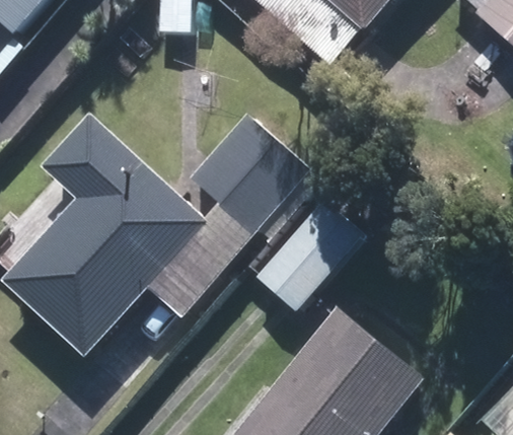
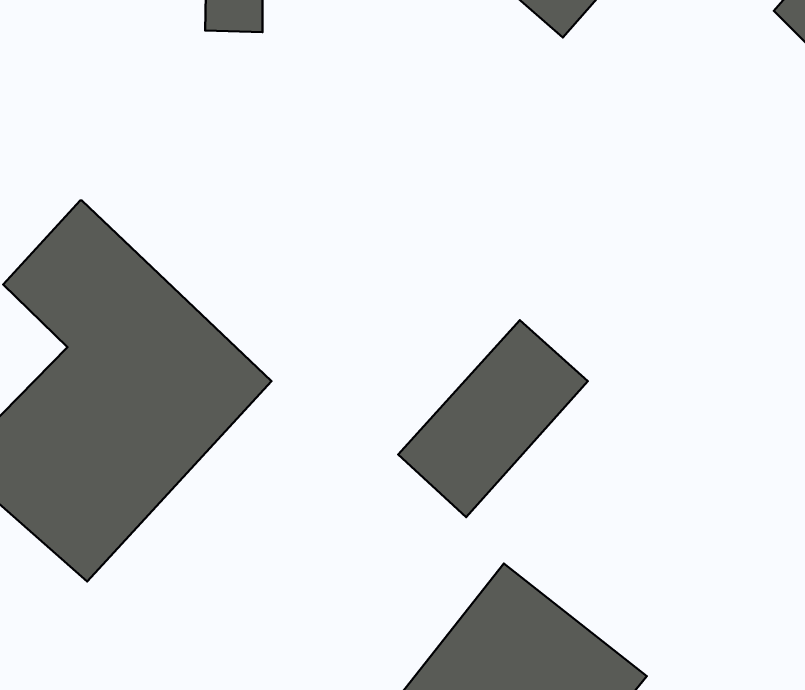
building: [195,124,300,229] -> none

